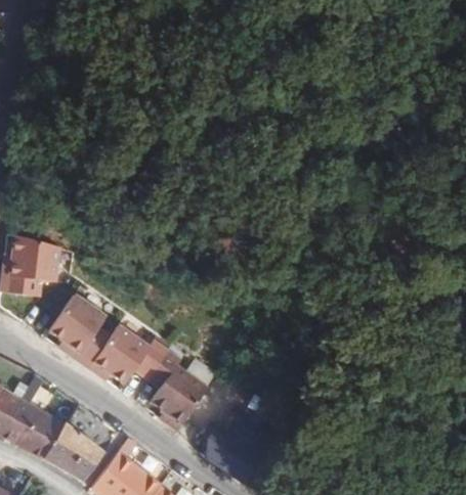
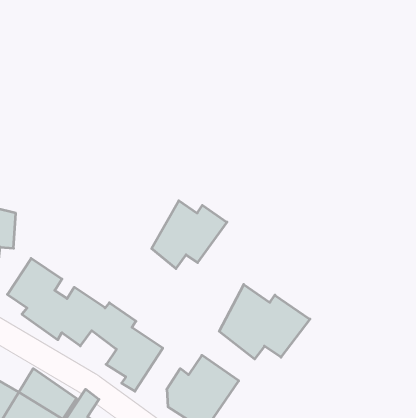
building: none -> [152,201,227,269]
building: none -> [219,284,310,359]

